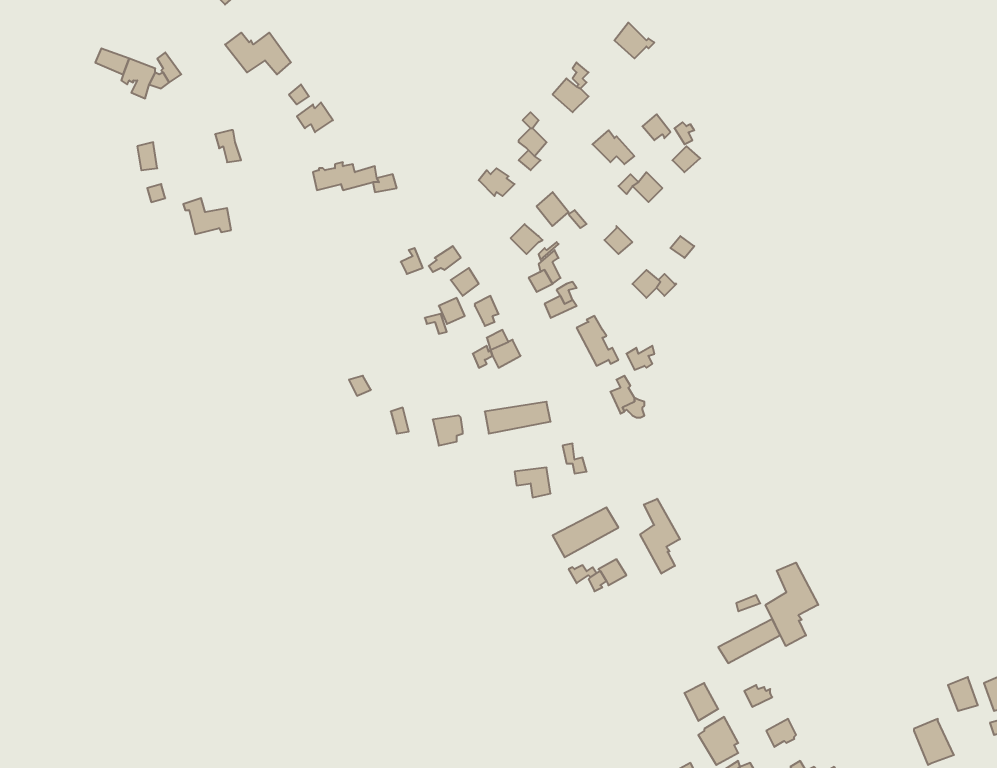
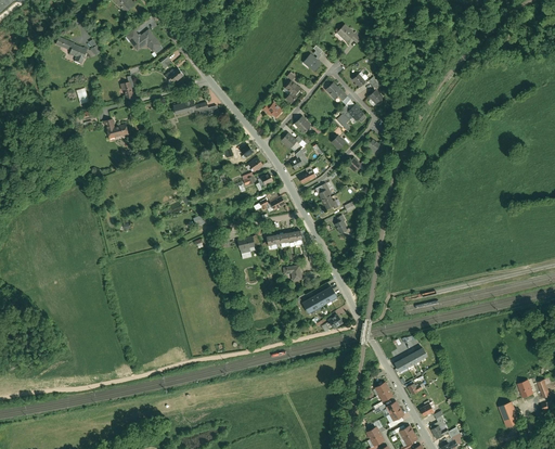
building: [640,499,680,574] -> none
building: [766,563,818,646] -> none

